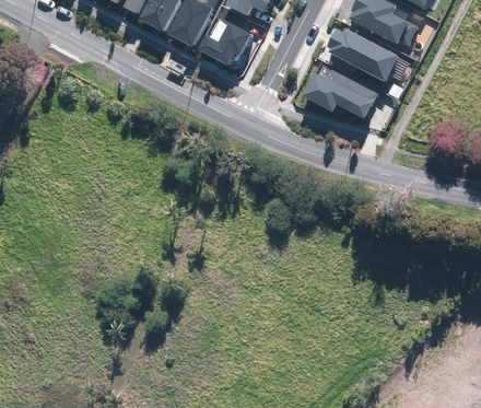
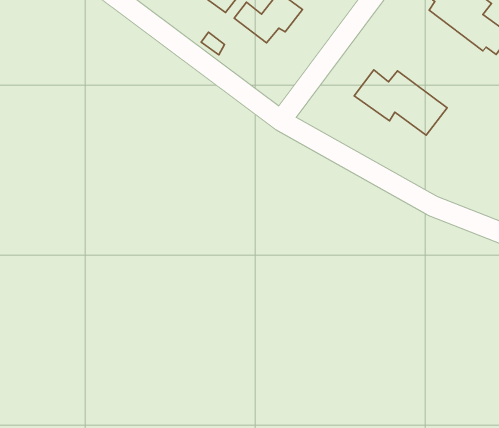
building: [328,28,397,81] -> none

